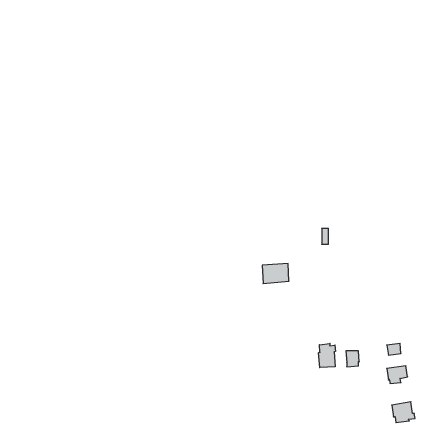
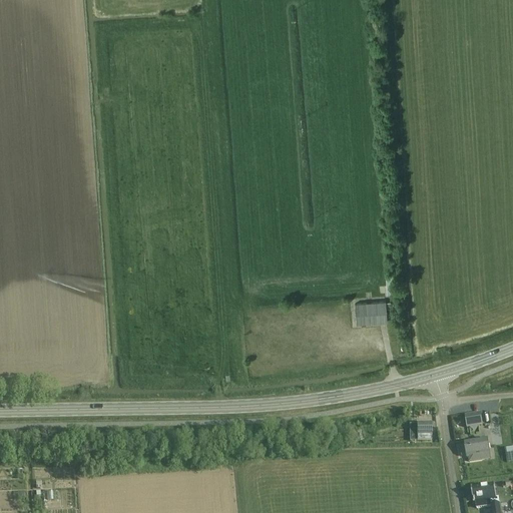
building: [262,264,289,284] -> [355,301,387,325]
building: [319,343,335,368] -> none

